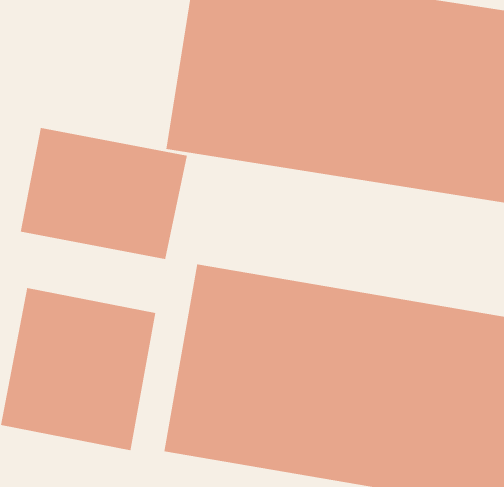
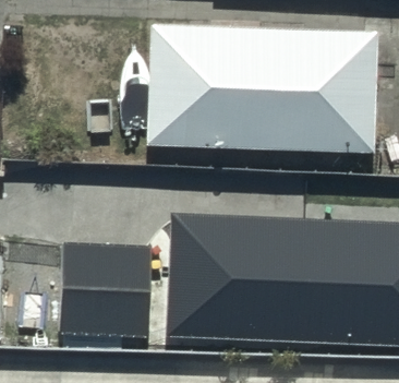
building: [20,127,187,260] -> none

